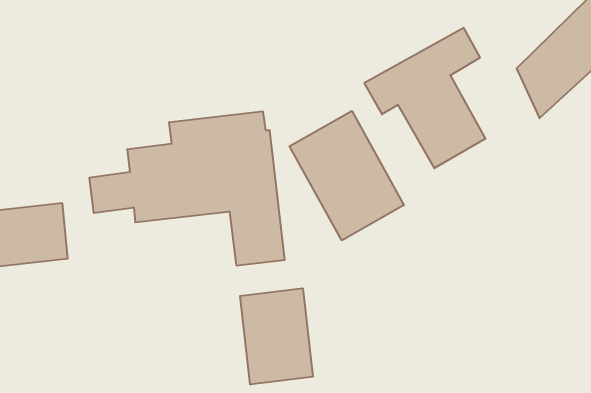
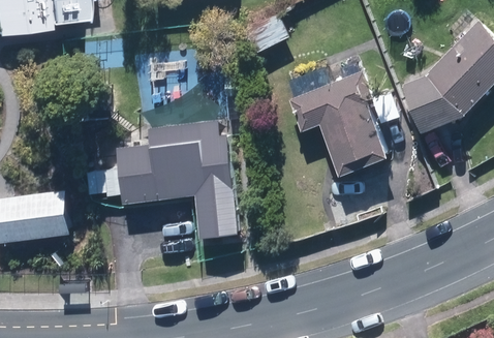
building: [290,111,404,240] -> none
building: [240,288,313,385] -> none

